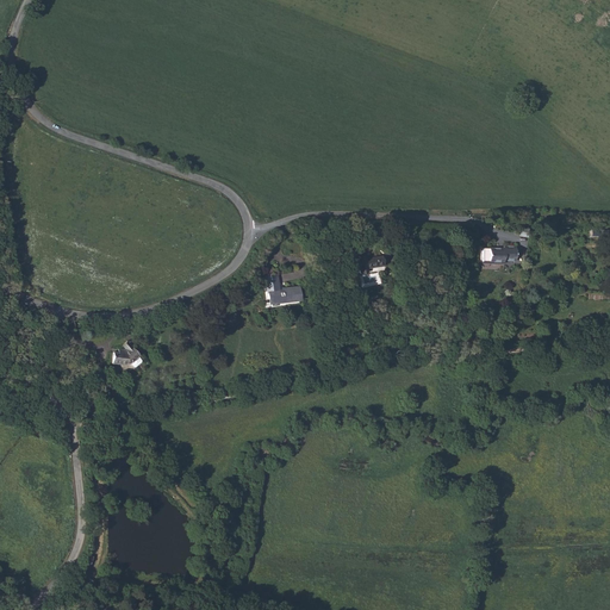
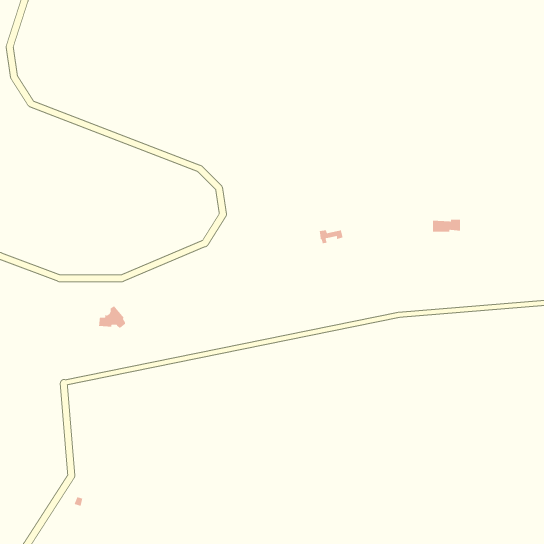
building: [267,279,304,305] -> none

